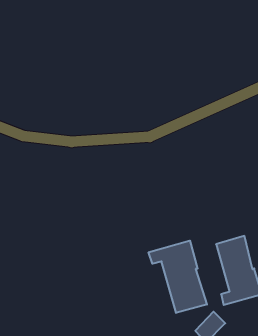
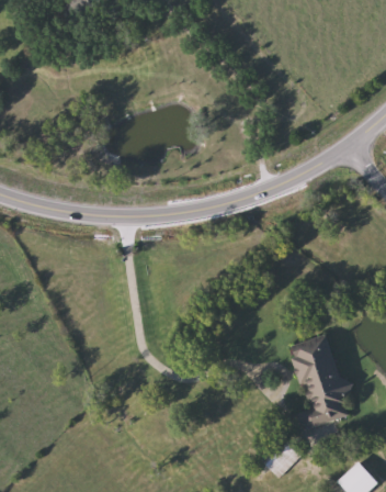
building: [149,241,207,313] -> none

